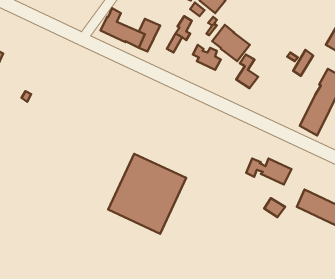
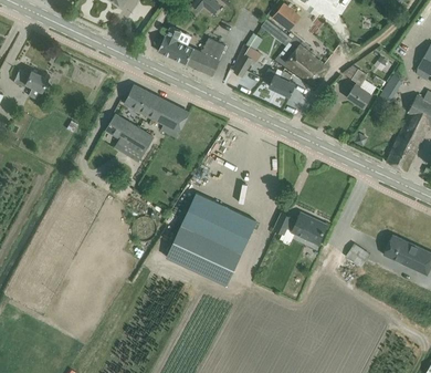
building: [236,55,258,88] -> [347,70,372,108]
building: none -> [125,86,189,132]
building: none -> [106,115,154,163]
building: [246,158,292,184] -> [275,214,327,244]

